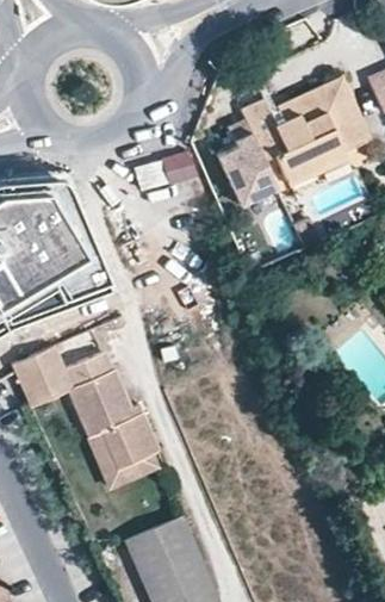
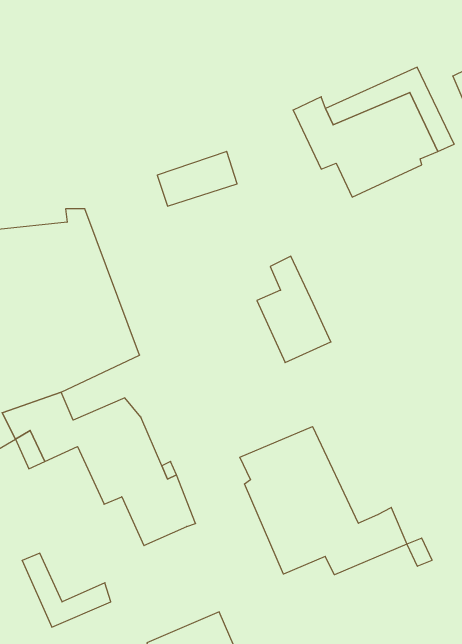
building: [217,118,277,204] -> [257,256,331,363]
building: none -> [240,427,407,575]
building: [87,421,159,480] -> [22,553,111,627]

